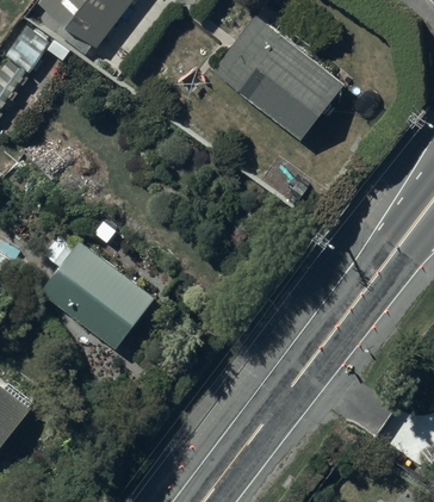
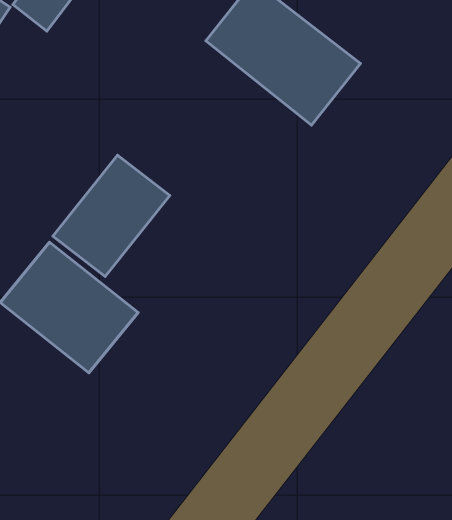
building: none -> [53,155,170,277]

